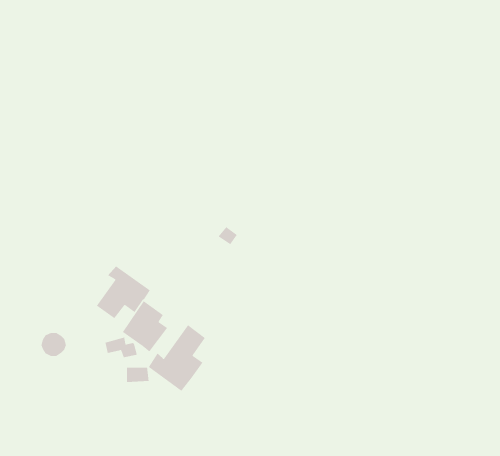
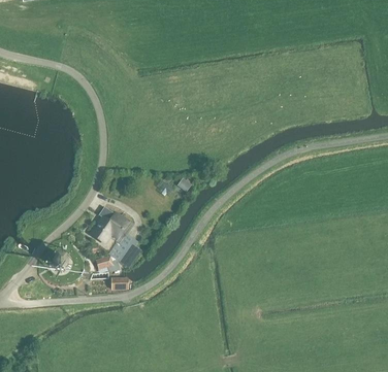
building: [148,324,206,392] -> none

